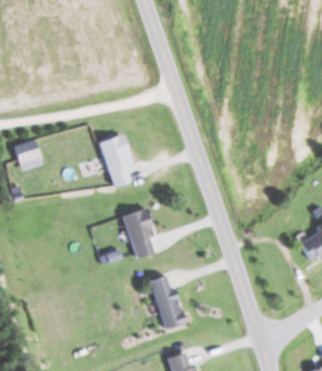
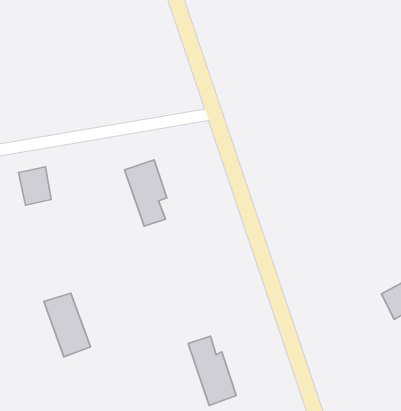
building: [122,209,159,259] -> [44,293,91,357]

